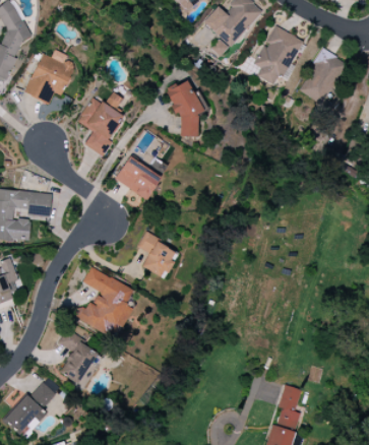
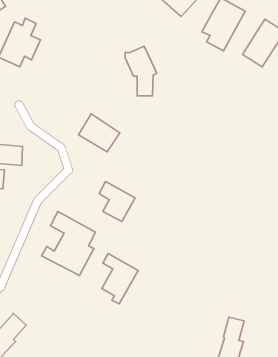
building: [76,91,123,156] -> none
building: [59,332,100,389] -> [102,253,138,304]

